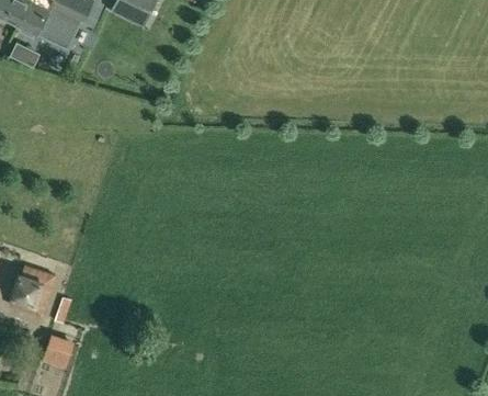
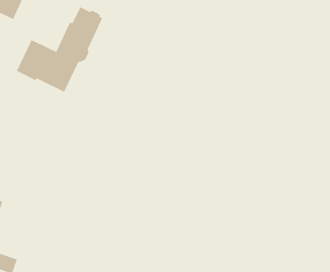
building: none -> [16,6,103,93]

